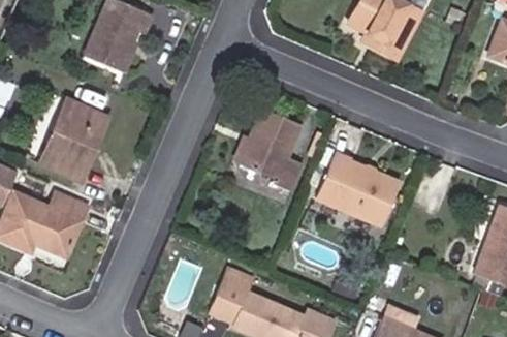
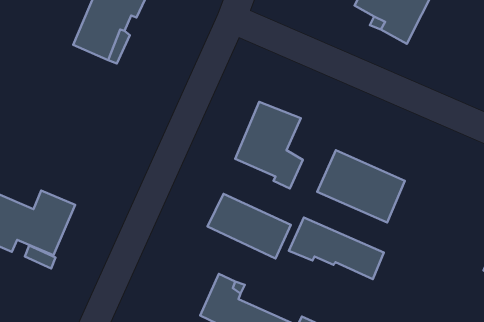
building: [40,96,110,178] -> none
building: none -> [208,194,291,258]
building: none -> [289,217,384,279]

